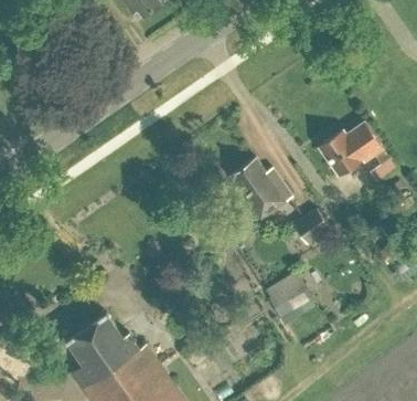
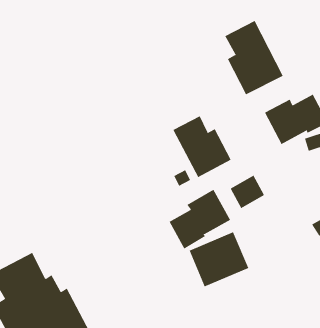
building: none -> [224,20,284,95]
building: none -> [169,189,231,249]

